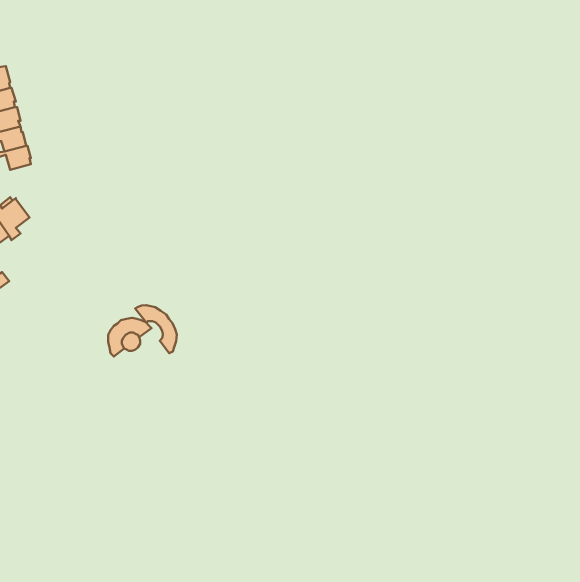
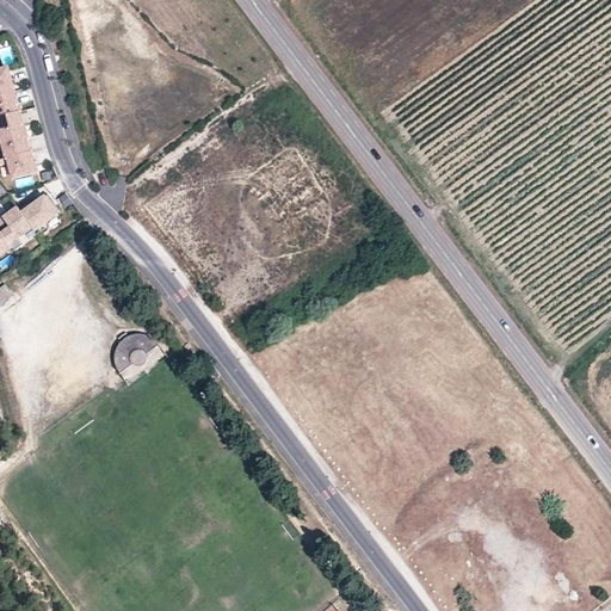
building: none -> [17,195,57,232]
building: [135,305,177,353] -> none

